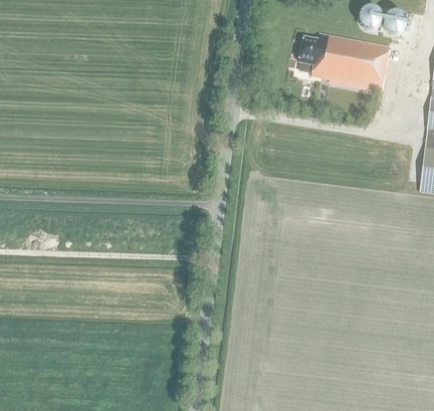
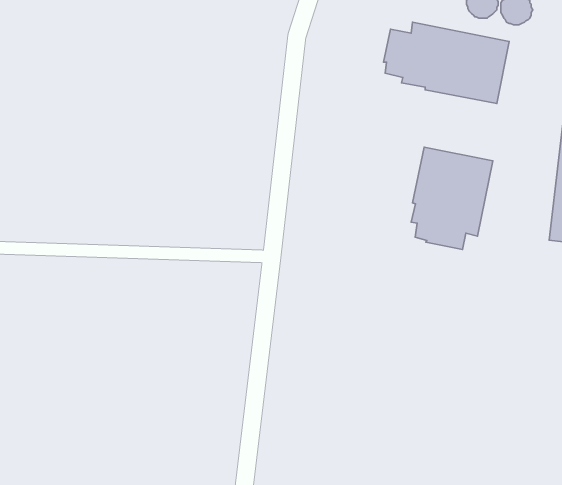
building: none -> [411,147,493,249]

